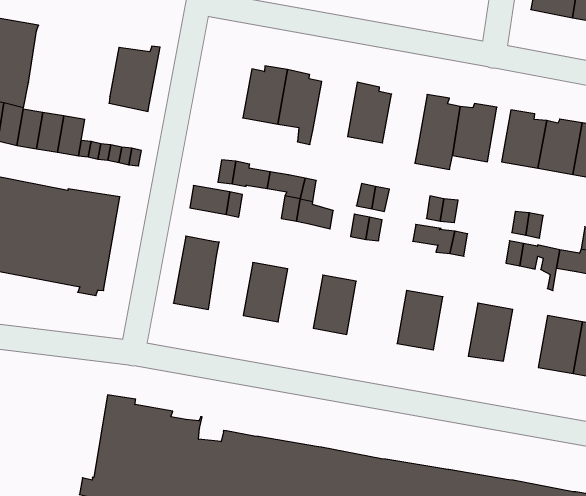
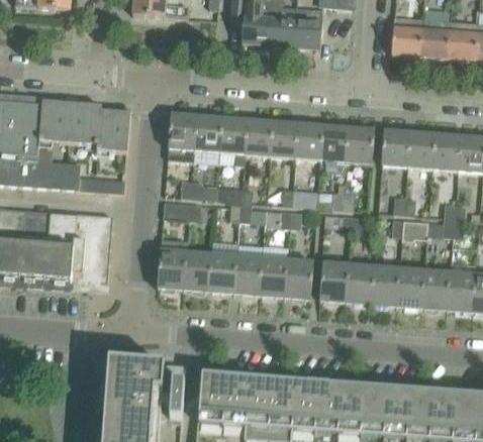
building: none -> [39,96,101,144]
building: none -> [168,109,197,161]
building: none -> [245,116,273,156]
building: none -> [295,120,323,160]
building: none -> [183,250,211,291]
building: none -> [233,254,262,295]
building: none -> [283,252,313,299]
building: none -> [346,263,374,304]
building: none -> [396,267,424,307]

